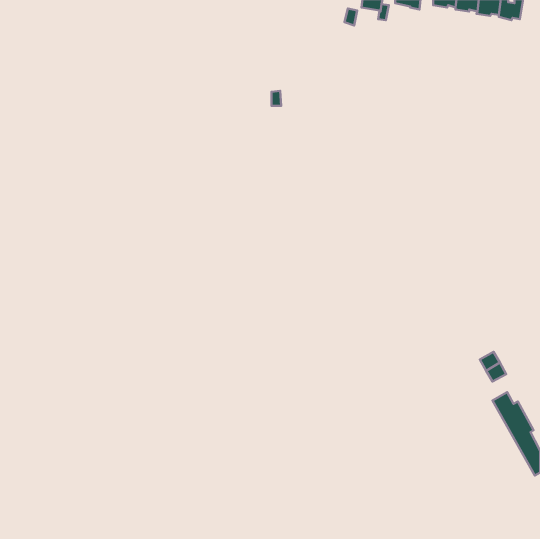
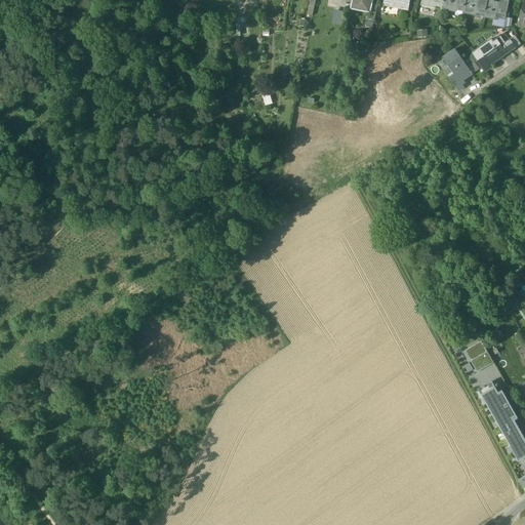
building: none -> [473,36,515,71]
building: none -> [442,48,473,90]

